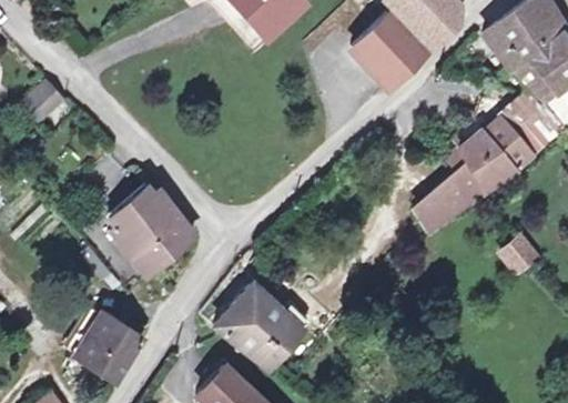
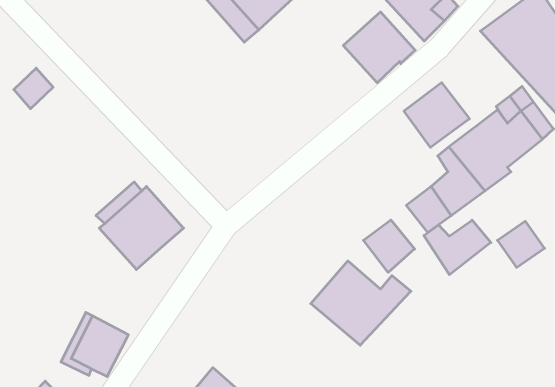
building: none -> [404,83,469,147]
building: none -> [363,220,415,272]
building: none -> [424,220,491,275]
building: [215,284,314,367] -> [311,261,411,345]

